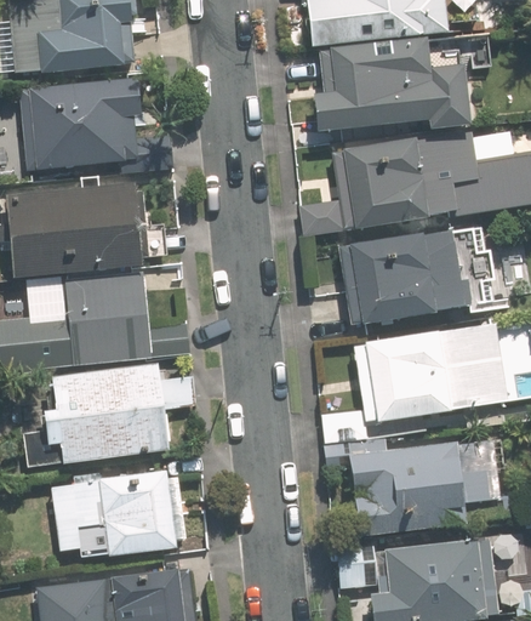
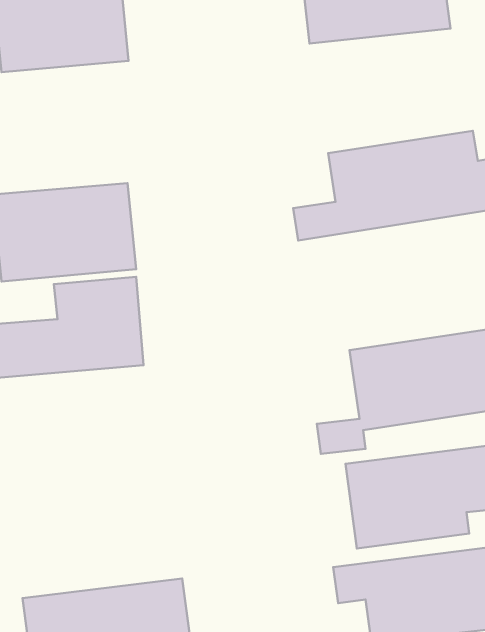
building: [314,36,473,130] -> none
building: [19,81,143,170] -> none
building: [337,227,469,324] -> none
building: [45,361,171,462] -> none
building: [52,469,179,559] -> none

